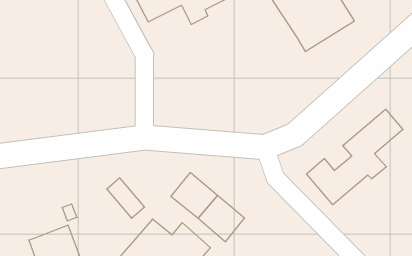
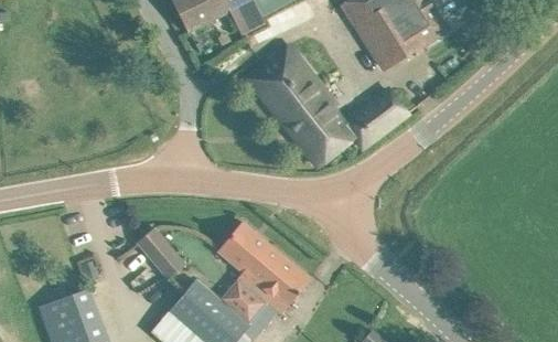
building: none -> [247,45,407,165]
building: [307,109,403,205] -> none

